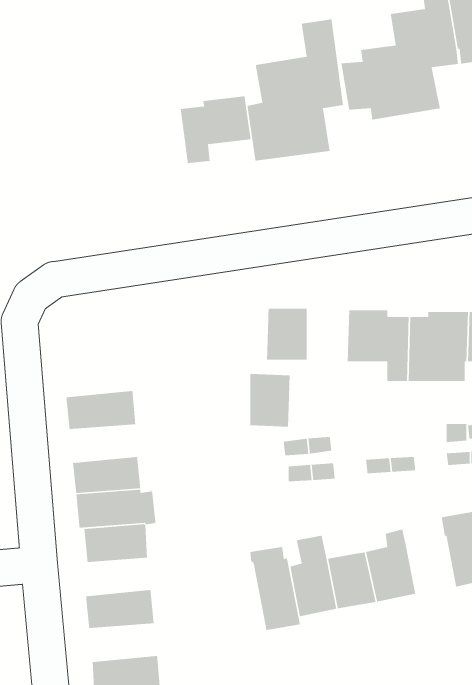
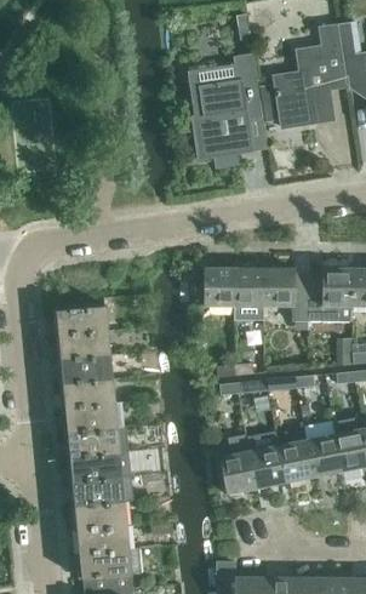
building: [180,96,251,164] -> none
building: none -> [55,302,107,332]
building: [249,373,291,427] -> [235,267,265,307]
building: none -> [59,353,110,381]
building: none -> [308,435,344,478]
building: [250,546,301,631] -> none
building: none -> [73,451,120,479]
building: none -> [74,499,125,527]

